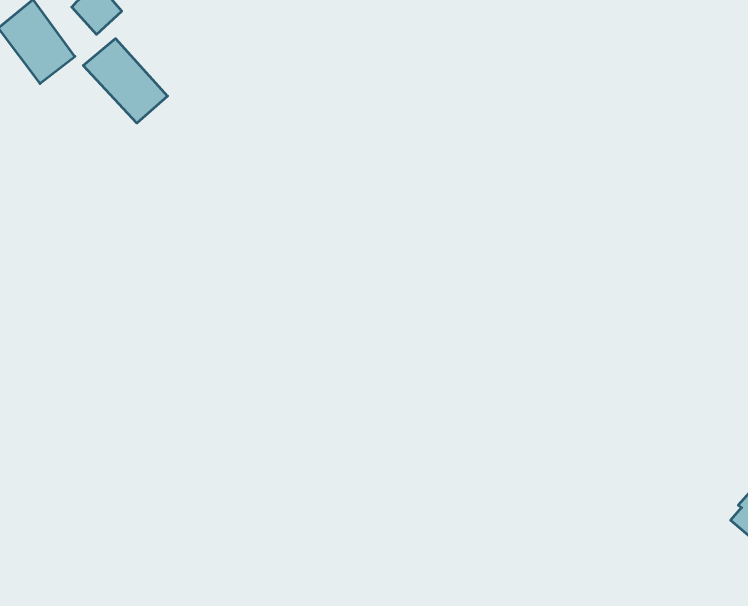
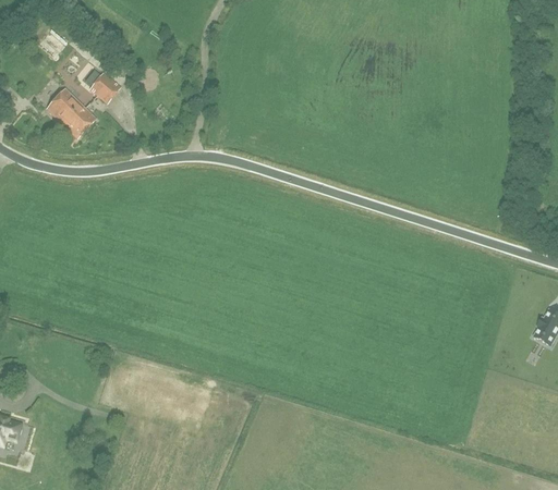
building: [83,39,168,123] -> none

